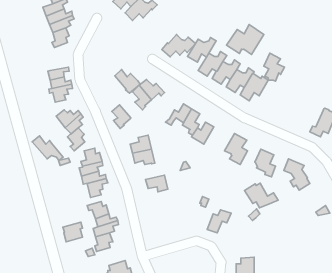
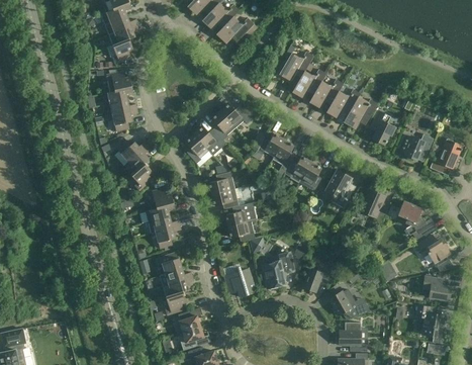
building: [227,25,264,54] -> none
building: [162,35,195,57] -> [216,15,258,42]
building: [264,53,285,81] -> [371,109,396,144]
building: none -> [106,71,132,91]
building: [115,69,140,93] -> [195,125,226,155]
building: none -> [400,133,434,160]
building: none -> [299,161,321,191]
building: [32,136,63,160] -> none
building: none -> [225,202,257,225]
building: [245,183,278,208] -> [328,289,370,320]
building: none -> [414,234,450,262]
building: none -> [263,252,294,288]
building: none -> [224,266,256,296]
building: none -> [422,275,451,300]
building: [63,222,83,242] -> [178,307,202,332]
building: none -> [416,303,446,337]

